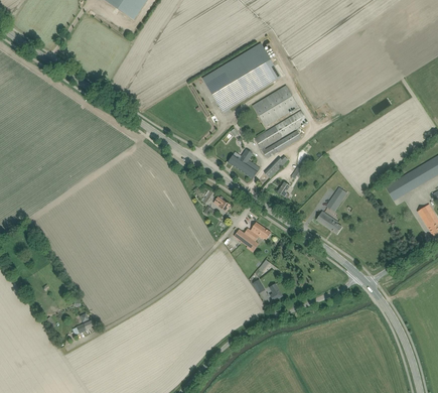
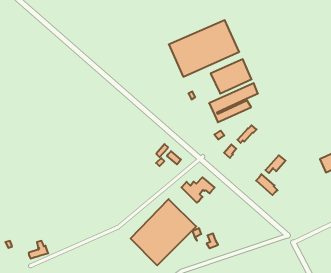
building: [228,148,260,178] -> none
building: none -> [131,199,196,265]

